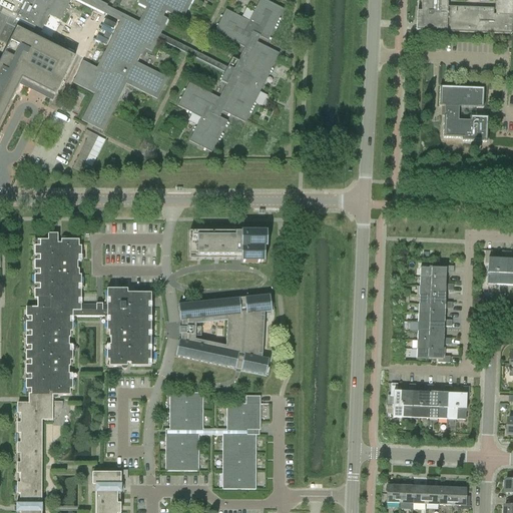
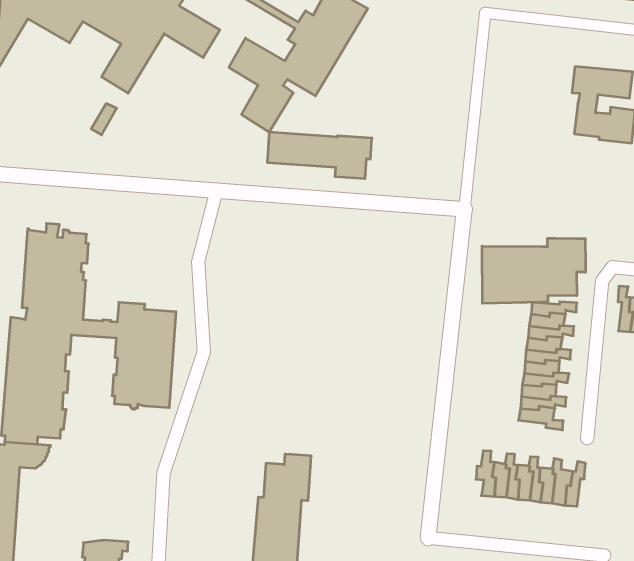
building: none -> [482,238,585,303]
building: [189,229,268,261] -> [267,132,372,179]
building: [176,293,272,373] -> none
building: [165,391,203,469] -> none

